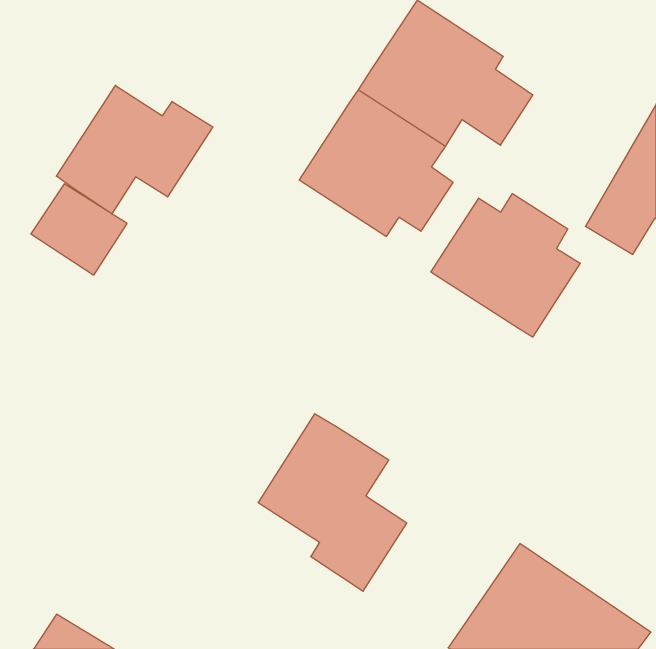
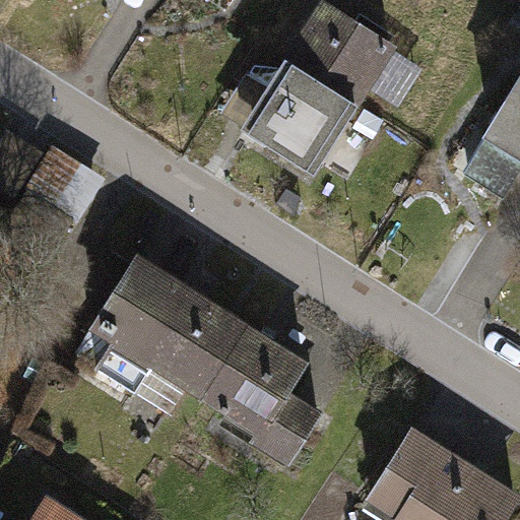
building: [56,85,213,214] -> none
building: [431,194,580,337] -> none
building: none -> [89,254,249,419]

